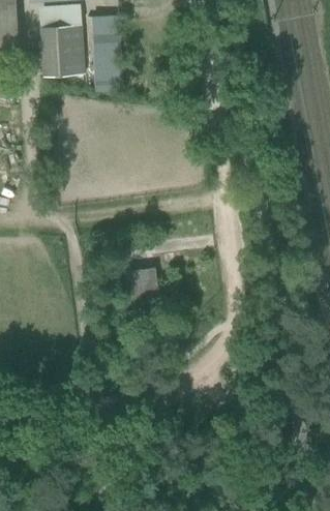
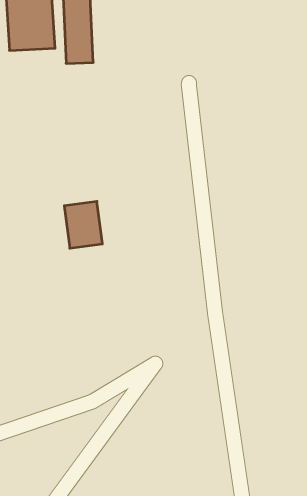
building: [124,265,160,309] -> [64,201,102,248]

